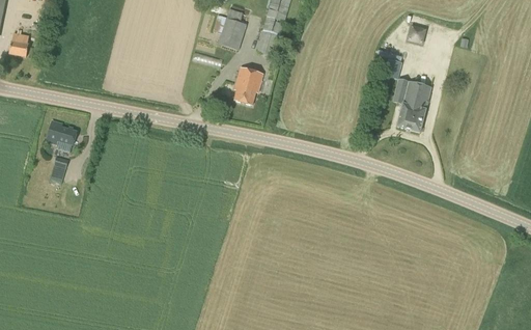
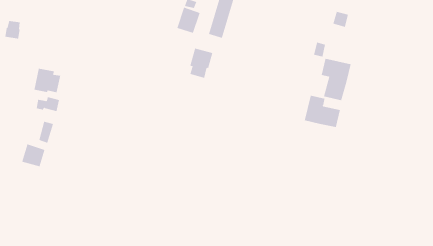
building: none -> [34,68,61,93]
building: none -> [304,95,341,128]
building: none -> [21,144,45,167]

